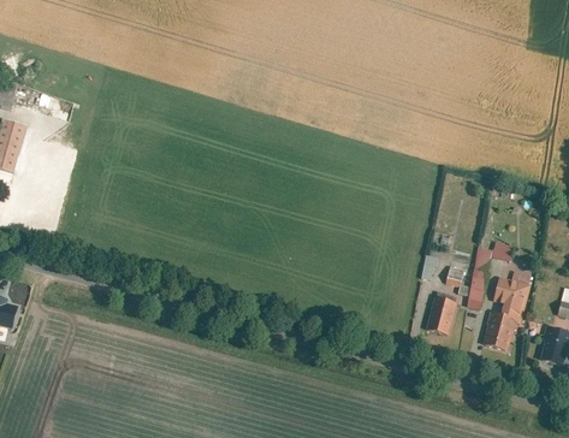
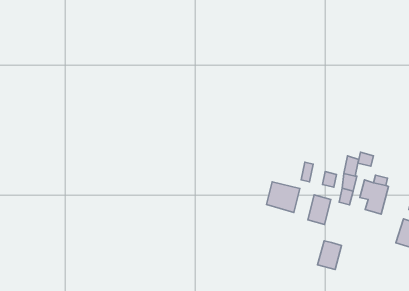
building: none -> [267,182,300,212]
building: [482,313,514,350] -> [318,241,342,269]

